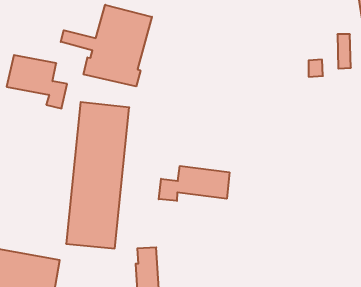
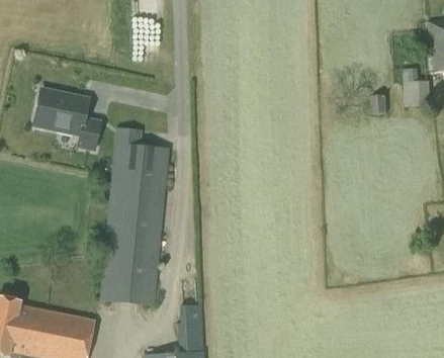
building: [61,5,152,86] -> none
building: [159,166,229,201] -> none

